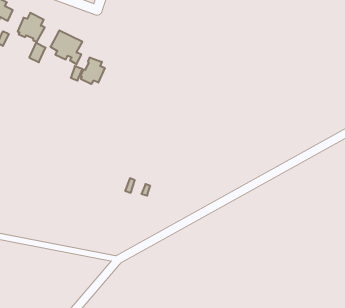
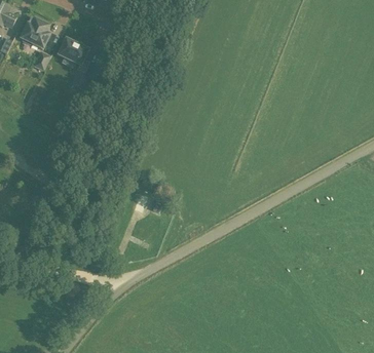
building: [80,57,105,84] -> none

